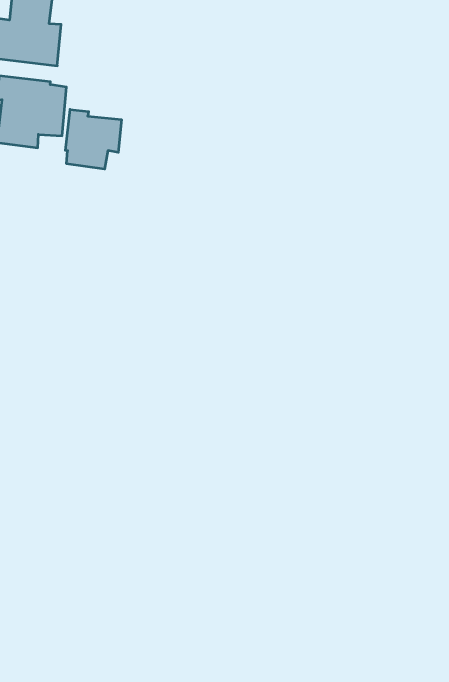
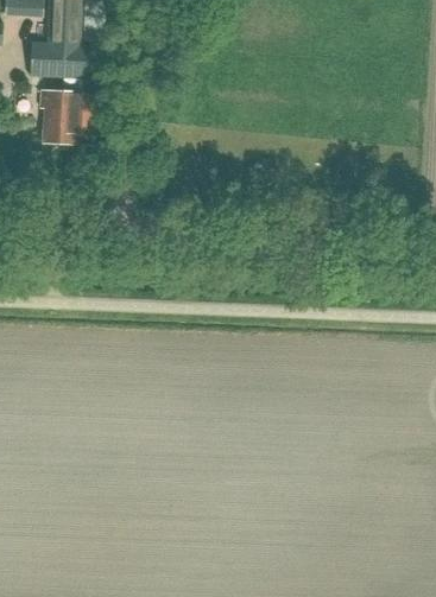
building: [65,109,121,169] -> none

